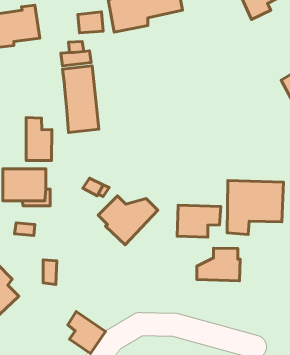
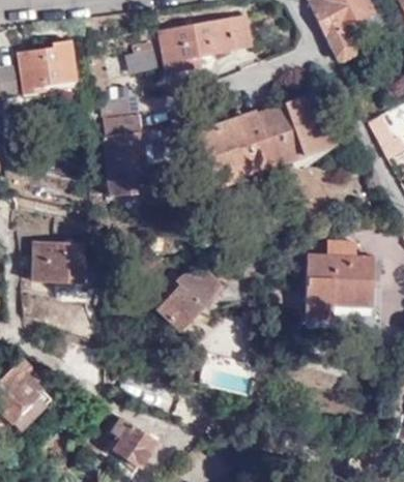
building: none -> [200,95,328,178]
building: [26,117,52,161] -> none
building: [177,205,221,237] -> none
building: [197,248,240,281] -> none

